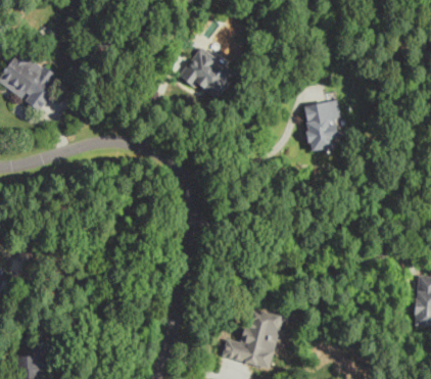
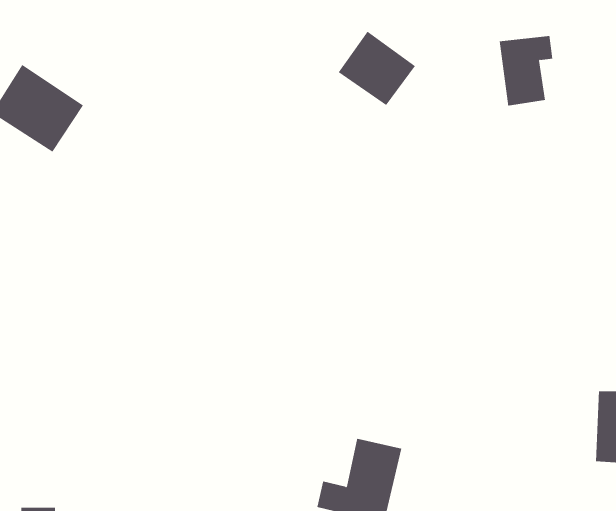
building: [179,47,233,99] -> [338,31,416,106]
building: [302,101,340,150] -> [499,35,553,106]

